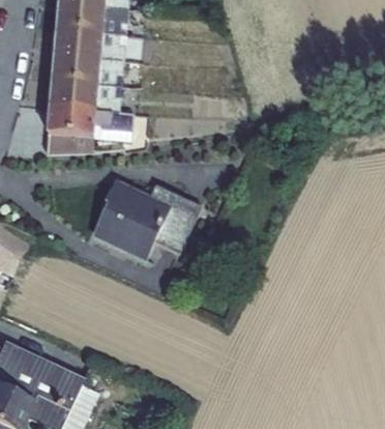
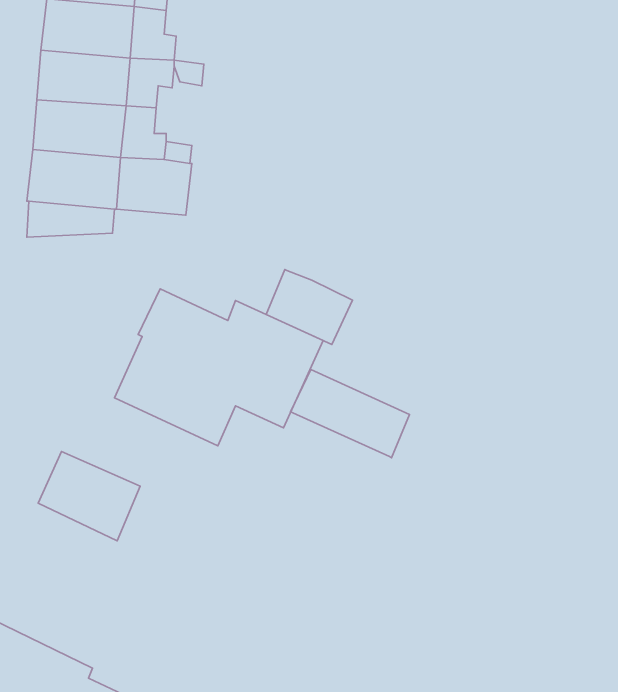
building: none -> [266,269,352,344]
building: none -> [291,370,410,458]
building: none -> [38,452,140,541]

